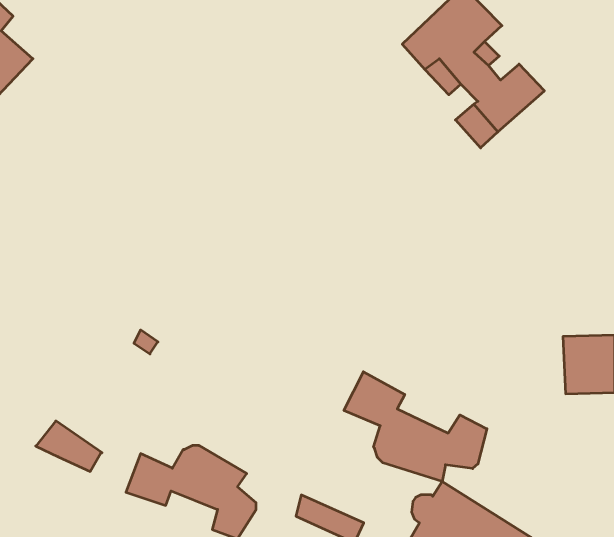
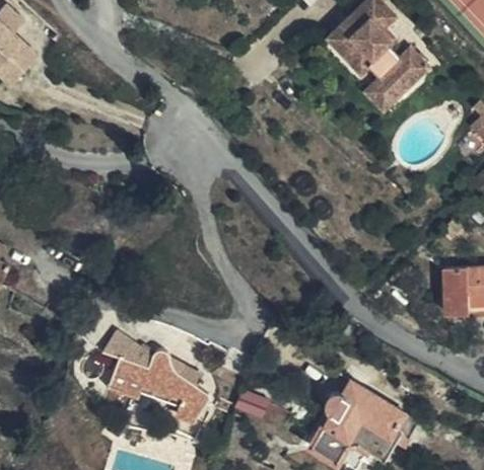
building: [344,372,487,482] -> none
building: [36,421,102,471] -> [101,330,152,369]

